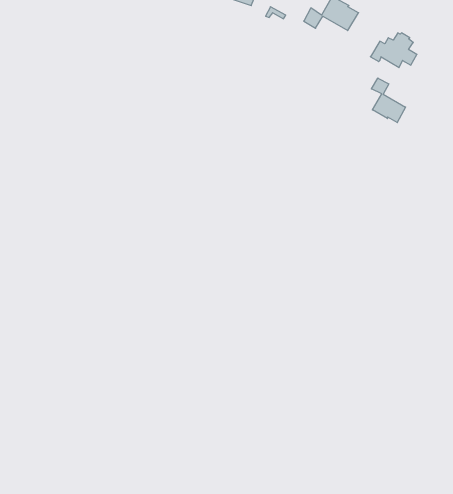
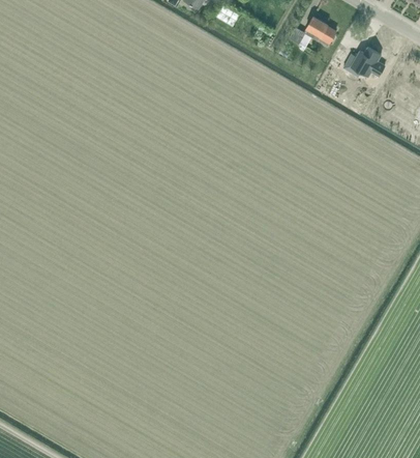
building: [371,78,406,123] -> none

